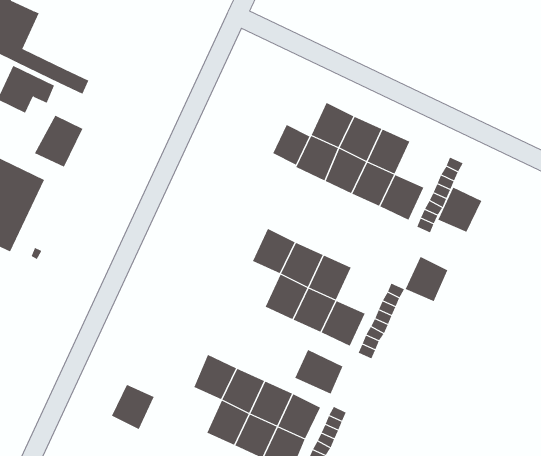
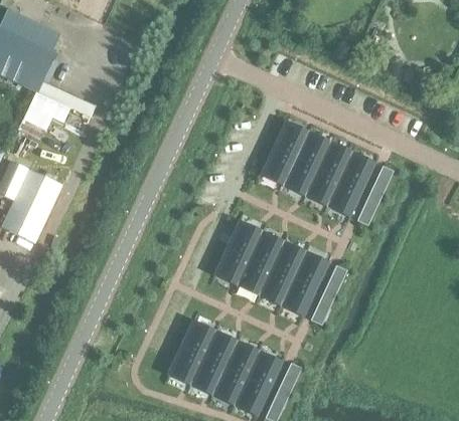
building: [34,115,83,167] -> none
building: [273,124,310,165] -> none
building: [438,187,482,233] -> [339,153,374,189]
building: [405,256,448,302] -> [293,252,327,288]
building: none -> [214,247,249,283]
building: [294,349,343,395] -> none
building: [111,384,154,430] -> [168,347,202,383]

